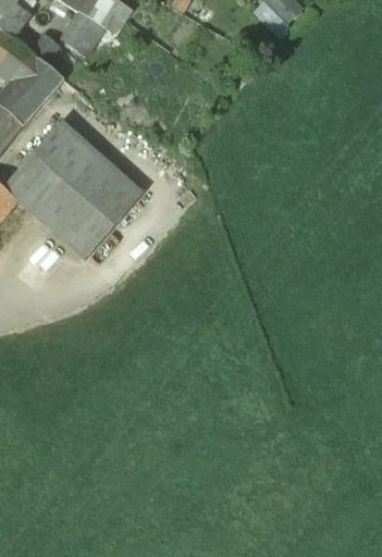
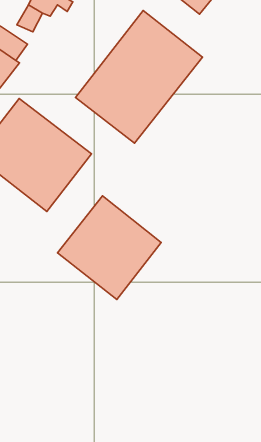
building: none -> [75,10,202,143]
building: none -> [57,196,161,299]

